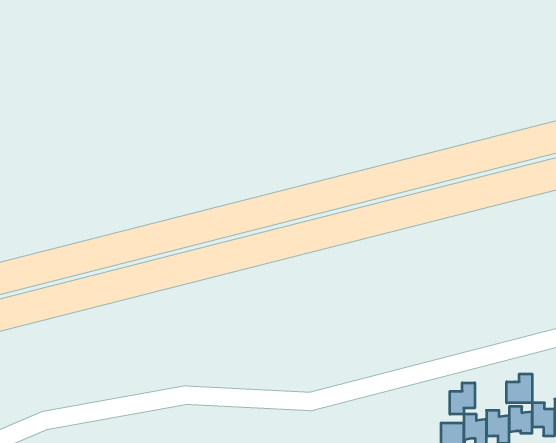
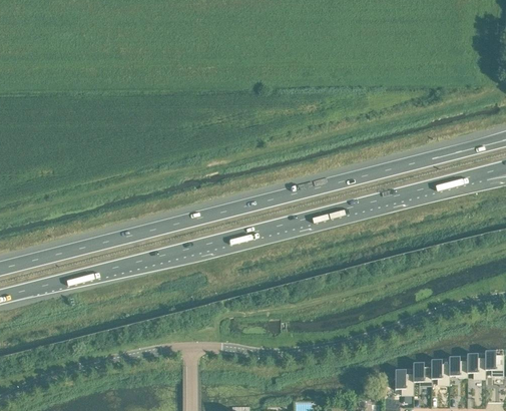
building: [507,374,532,403] -> none
building: [450,383,475,414] -> none

